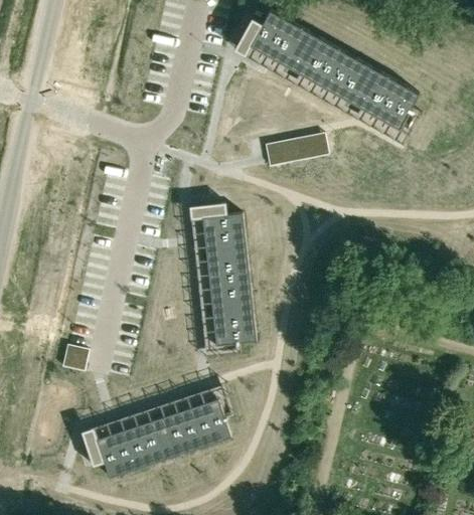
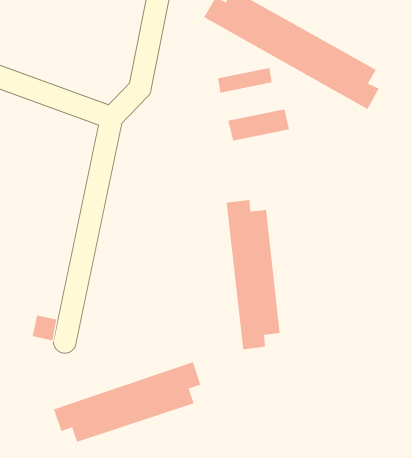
building: none -> [218,67,272,93]
building: [195,199,252,354] -> [226,200,280,350]

